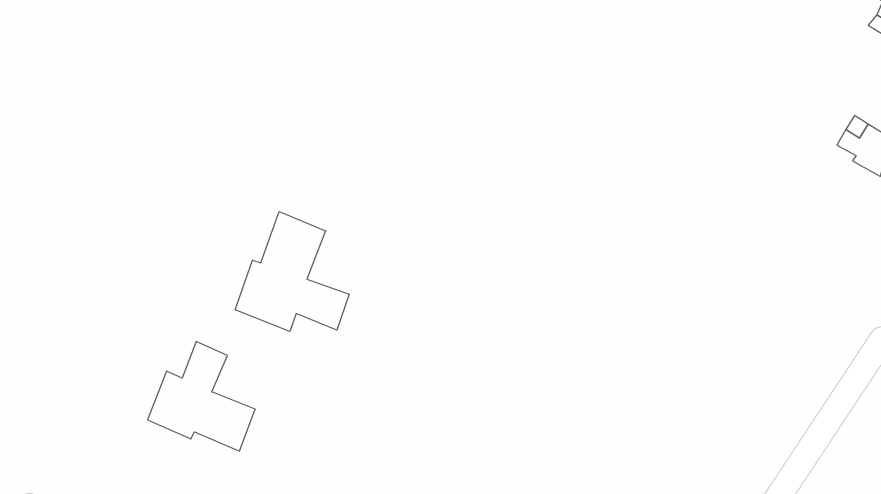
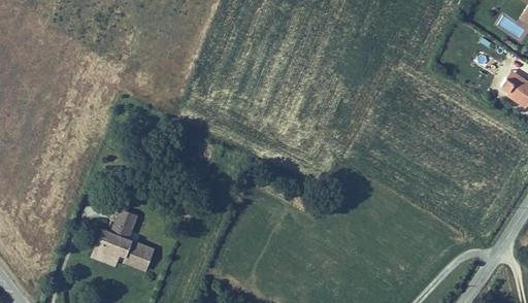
building: [235,212,349,331] -> none

